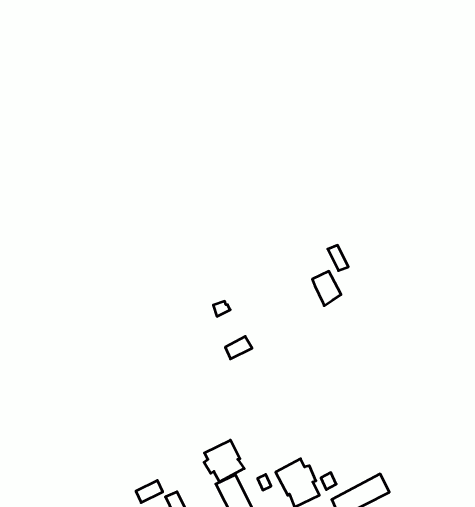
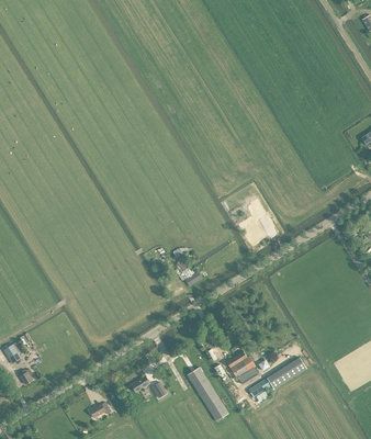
building: [204,440,244,482] -> none

